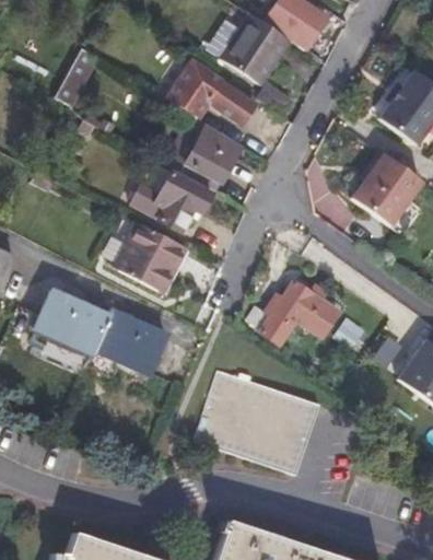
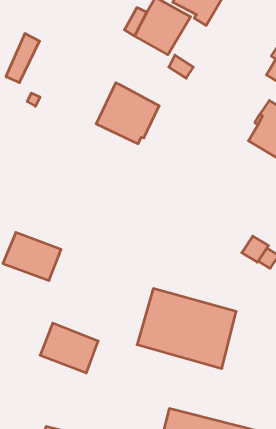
building: [166,59,255,124] -> none
building: [125,172,212,232] -> none
building: [114,221,186,290] -> none
building: [261,278,339,342] -> none
building: [93,307,166,372] -> [40,323,98,373]

